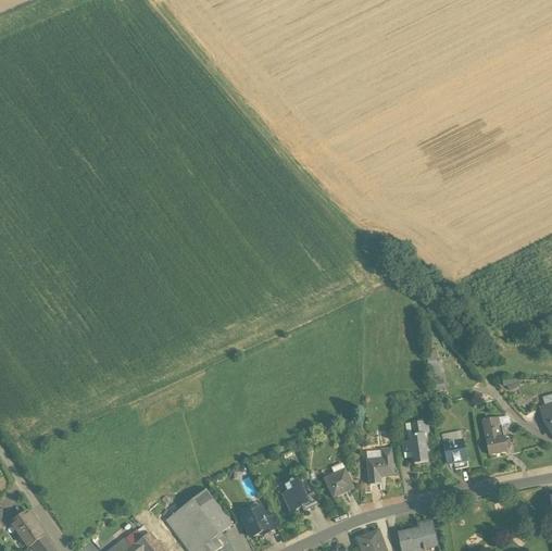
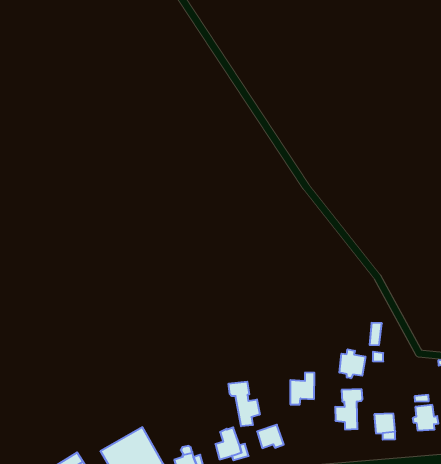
building: none -> [339,349,365,378]
building: none -> [229,382,260,426]
building: [366,449,393,485] -> [290,373,314,405]

